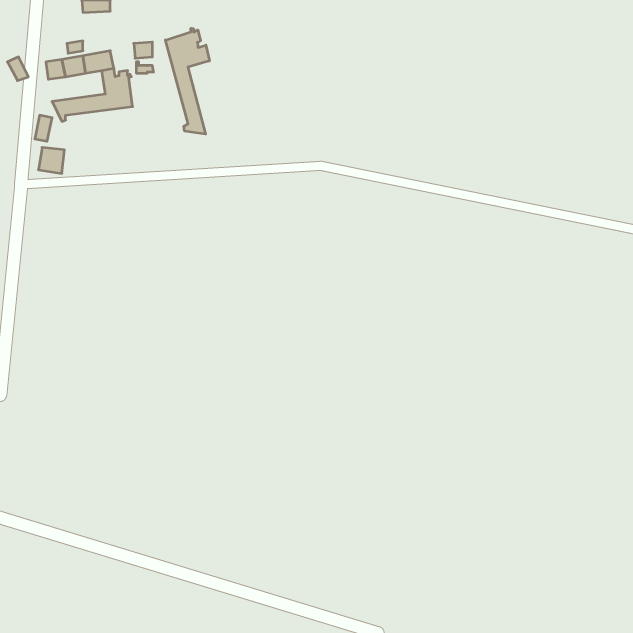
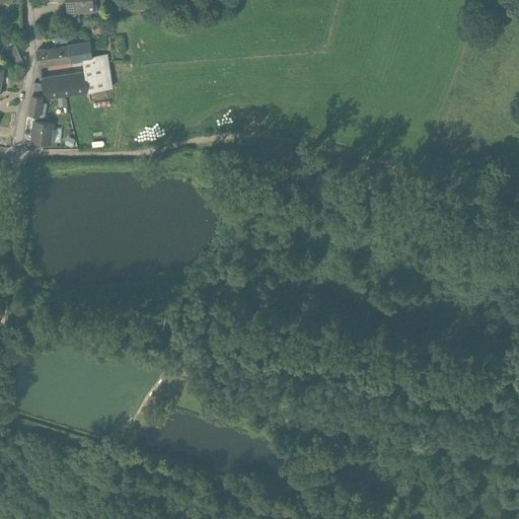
building: [165,28,209,134] -> none

